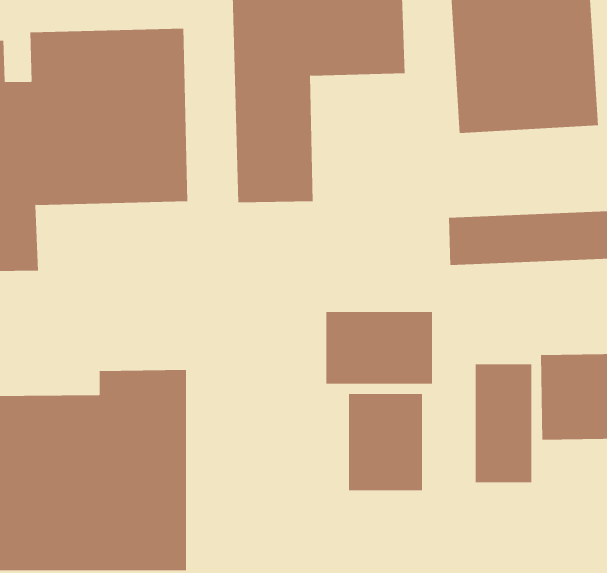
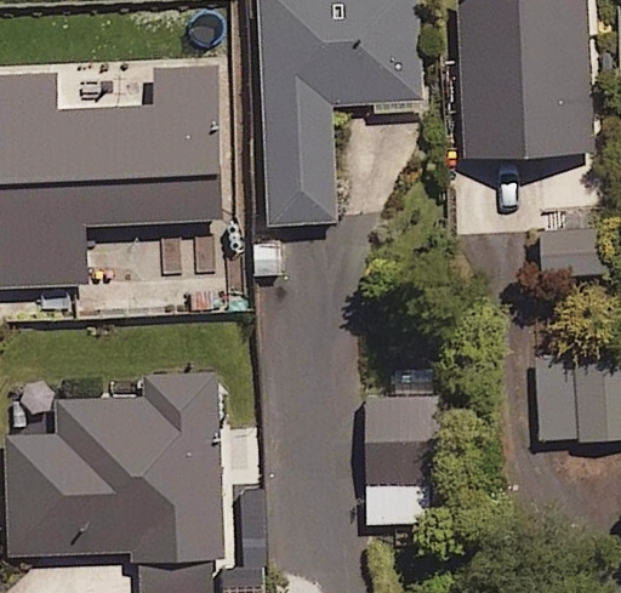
building: [326,311,432,384] -> none
building: [475,364,532,483] -> none

